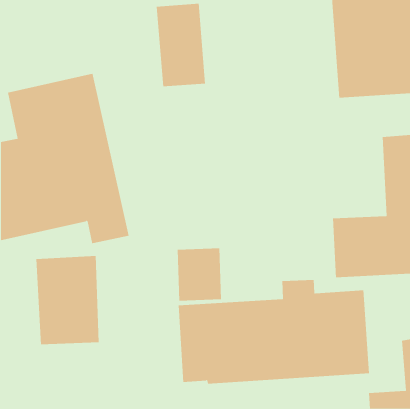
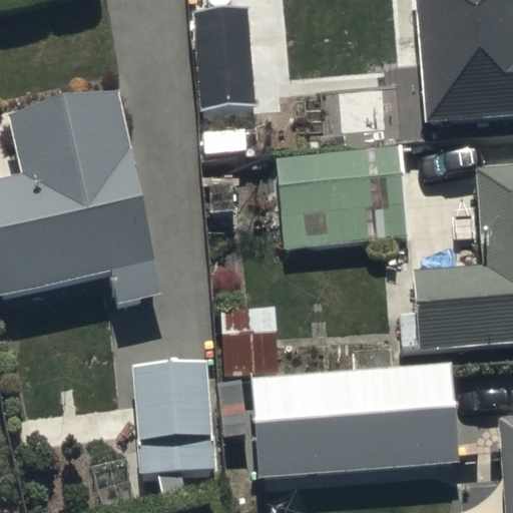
building: none -> [273,147,410,250]
building: [35,255,100,345] -> [132,361,212,472]

